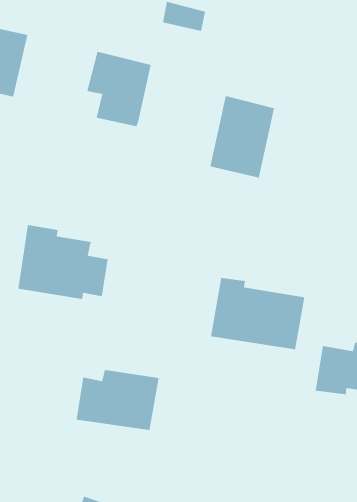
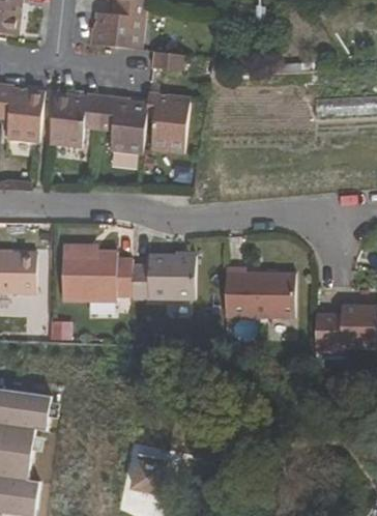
building: none -> [49,92,102,148]
building: [210,95,275,178] -> [143,90,190,153]
building: [76,369,159,431] -> [132,254,195,298]

